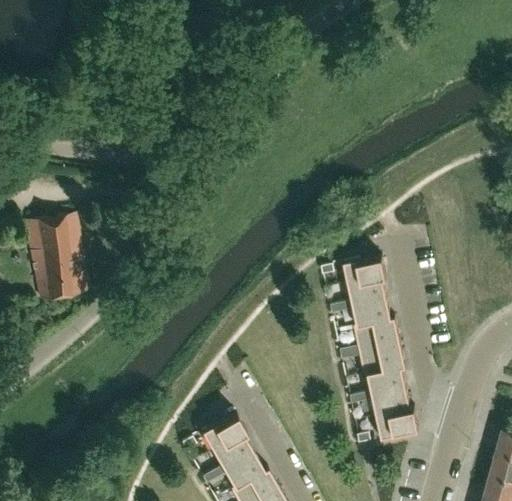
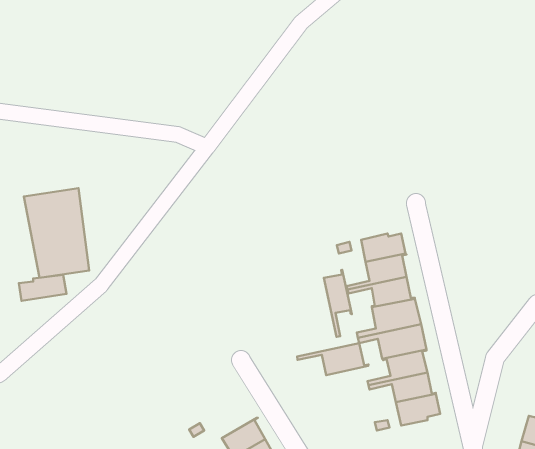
building: none -> [324,270,352,337]
building: none -> [19,275,67,301]
building: none -> [297,343,369,375]
building: [201,416,245,452] -> none

